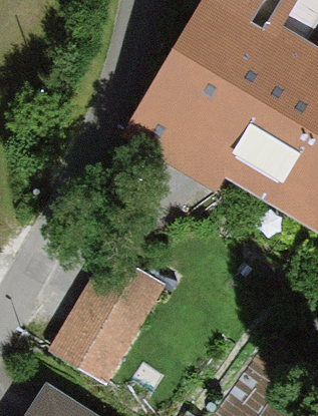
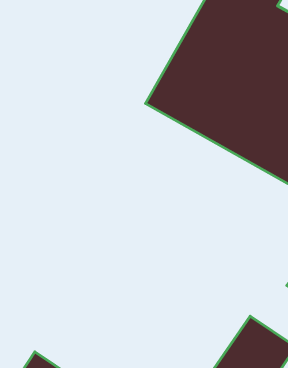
building: [55,244,174,377] -> none

